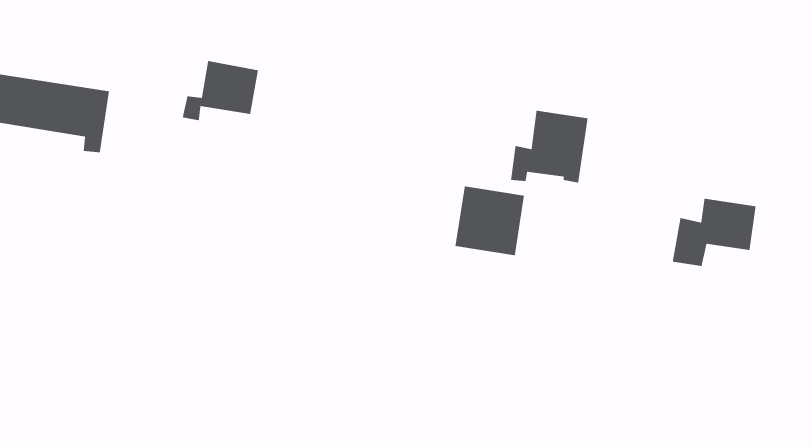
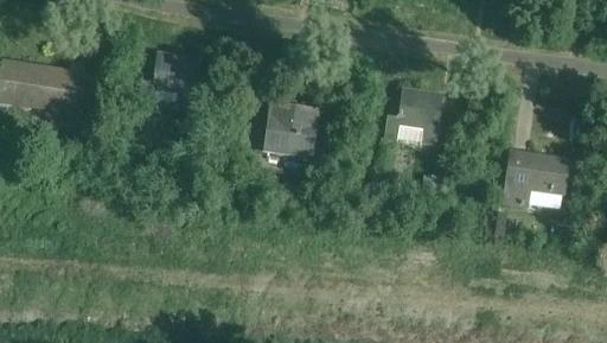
building: [455,186,525,256] -> [264,103,317,155]

